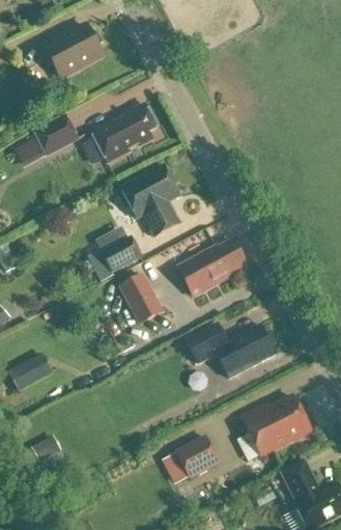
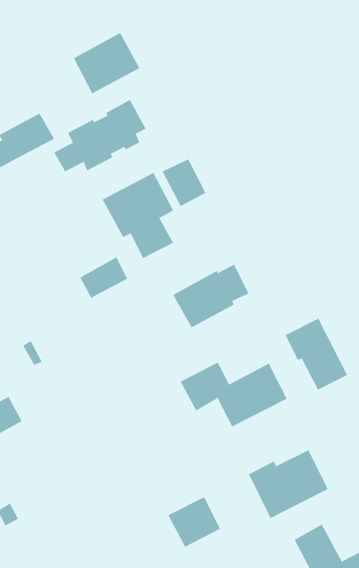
building: [47,25,103,77] -> [73,32,140,94]
building: none -> [162,158,206,207]
building: [118,274,163,324] -> none
building: none -> [285,318,348,391]

